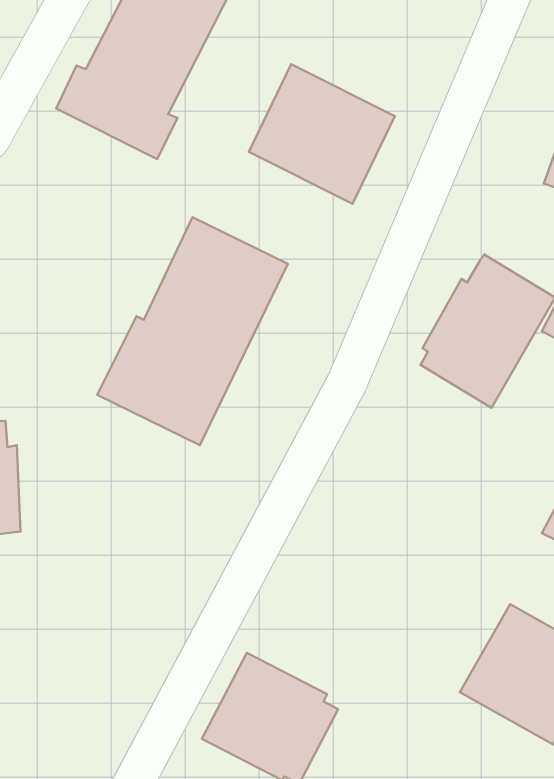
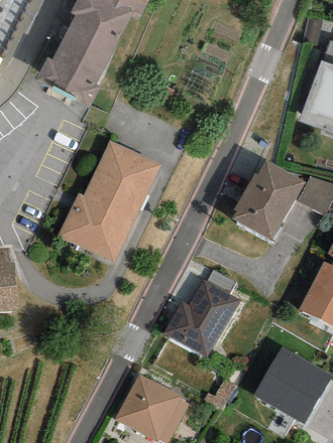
building: [249,64,395,204] -> none
building: none -> [163,279,240,358]

